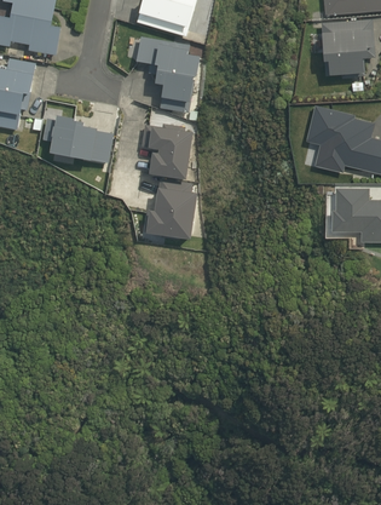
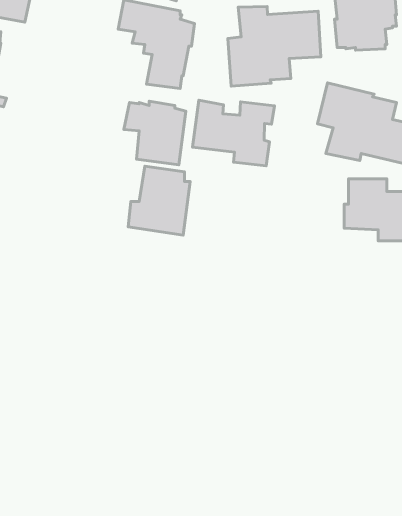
building: none -> [228,6,321,86]
building: [42,114,112,162] -> none
building: none -> [192,100,274,166]

